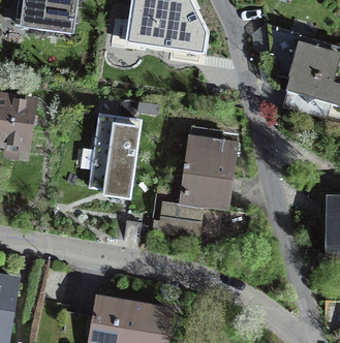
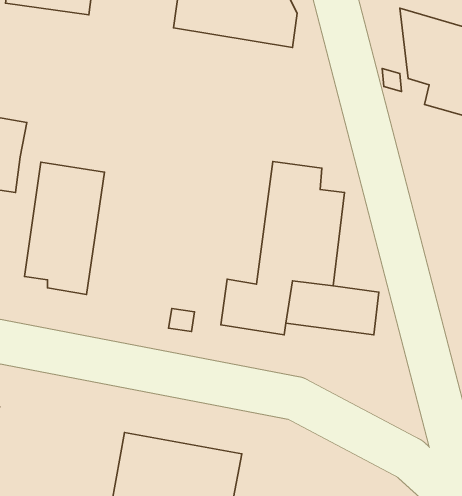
building: [89,115,140,198] -> [25,162,104,295]

